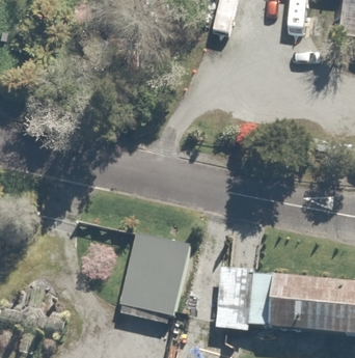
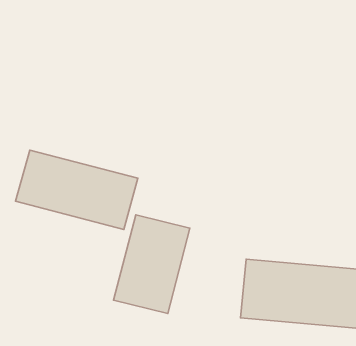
building: none -> [16,150,138,229]

